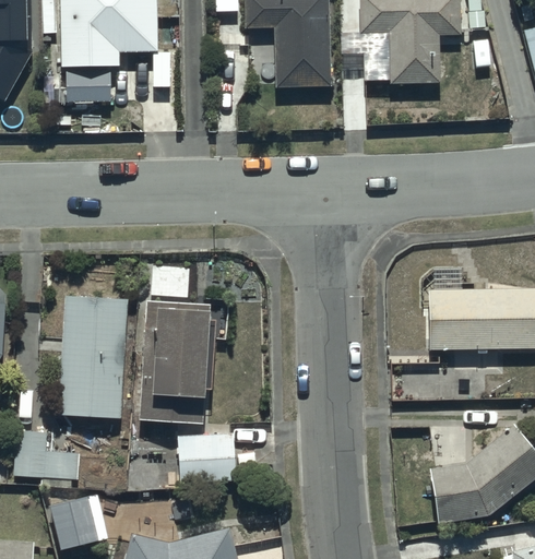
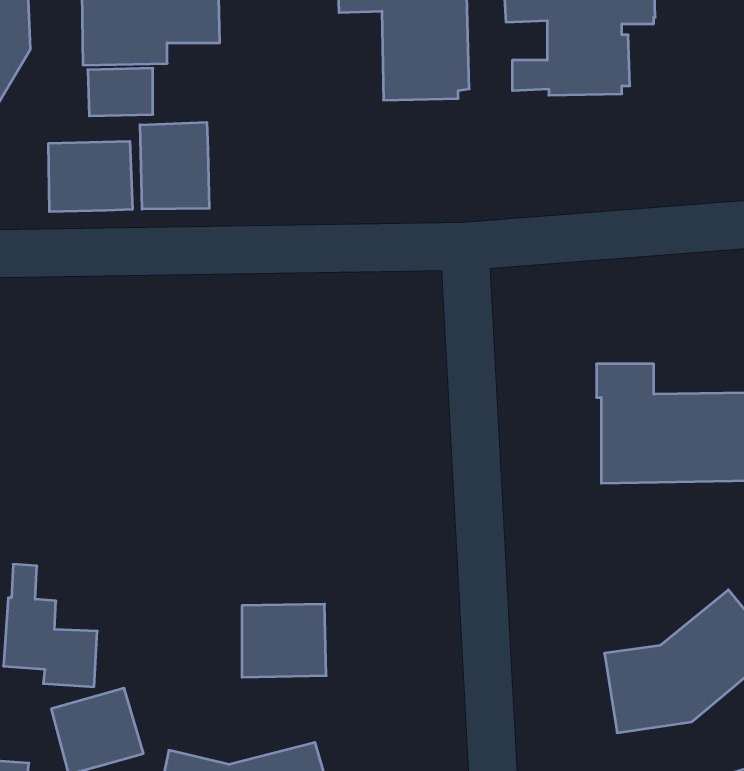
building: none -> [140,122,209,209]
building: none -> [49,141,132,212]
building: [57,296,127,418] -> none
building: [138,301,210,425] -> none

